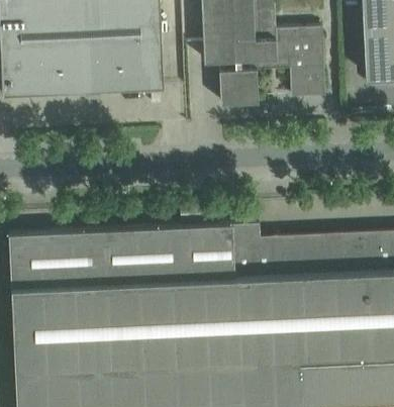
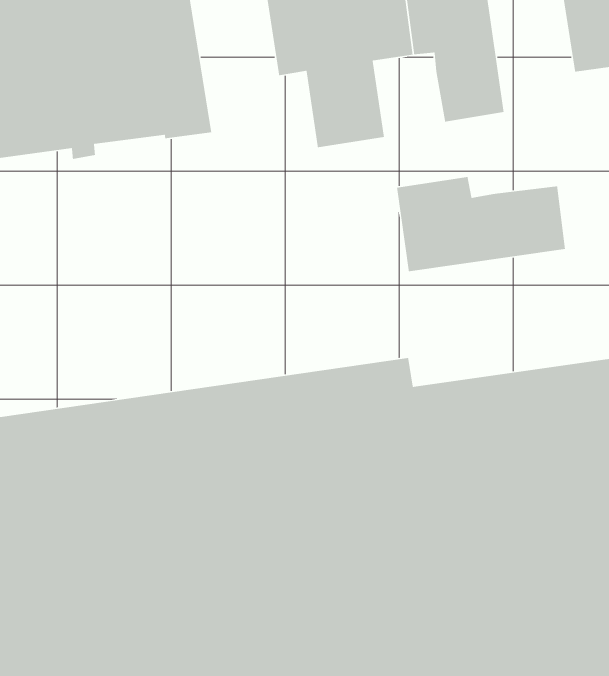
building: none -> [396,176,566,272]

